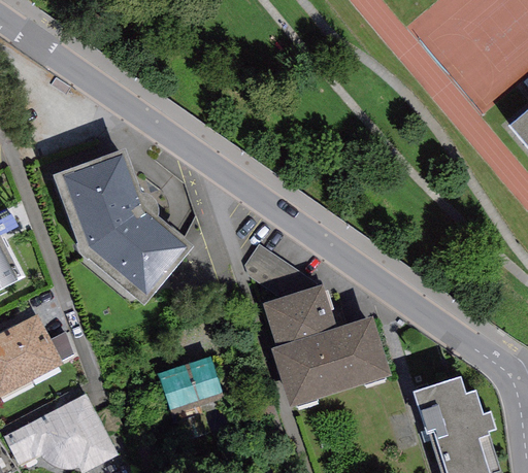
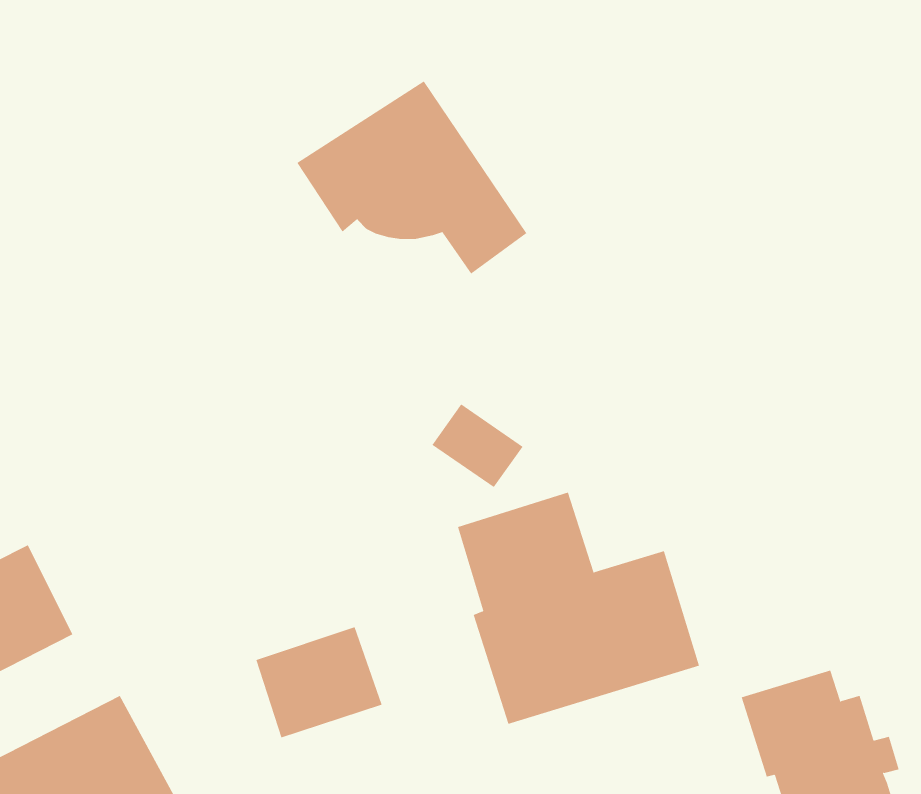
building: none -> [297,81,527,274]
building: [52,149,192,307] -> none

